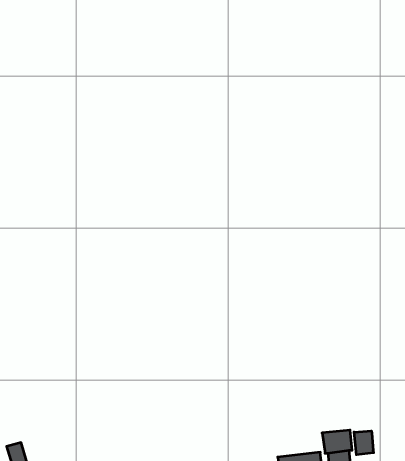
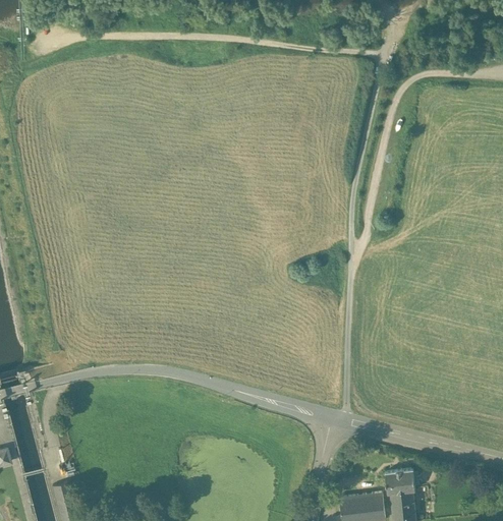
building: [354,431,374,455] -> none

